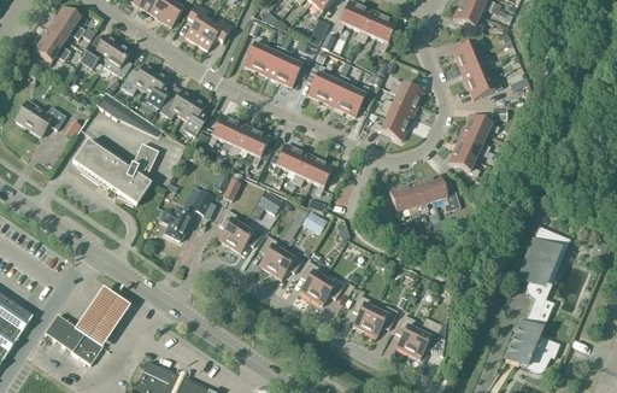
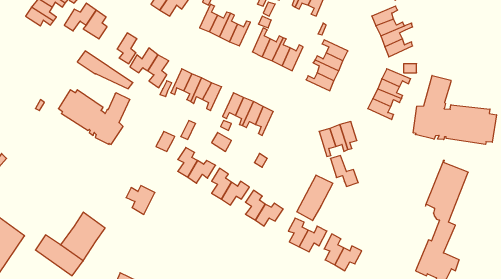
building: [119,63,155,94] -> none
building: [14,100,65,135] -> none
building: none -> [413,75,496,144]
building: [427,174,460,211] -> [330,156,358,186]
building: [158,205,193,240] -> [126,186,155,214]
building: none -> [297,175,333,221]

